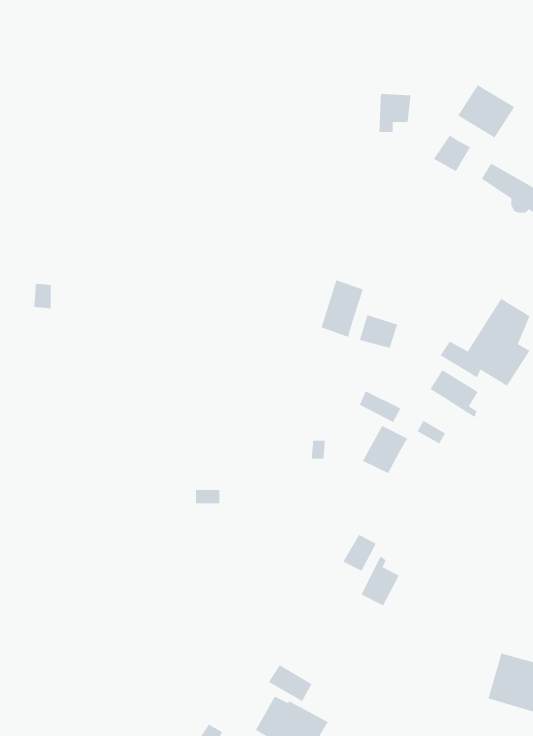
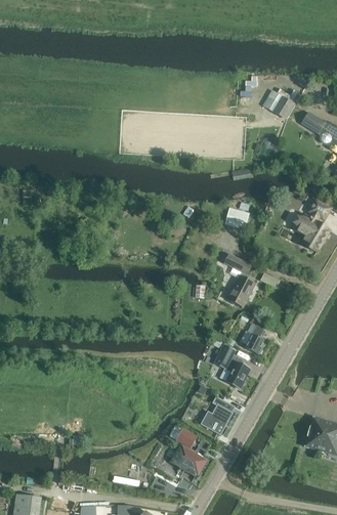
building: [457,84,515,138] -> none
building: [320,279,364,338] -> none
building: [430,369,479,418] -> none
building: none -> [244,316,265,353]
building: none -> [200,396,234,434]

